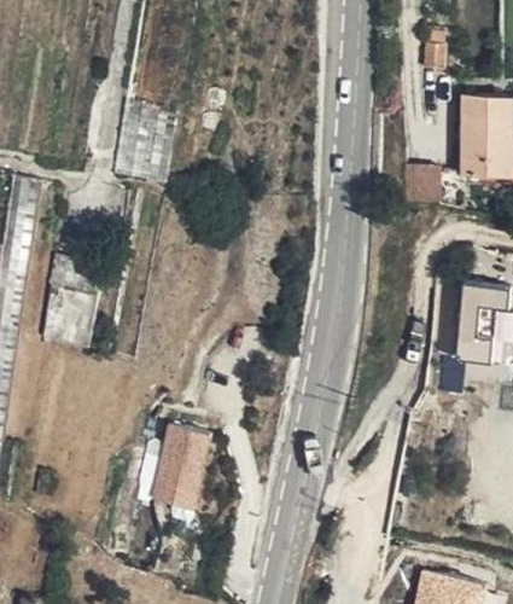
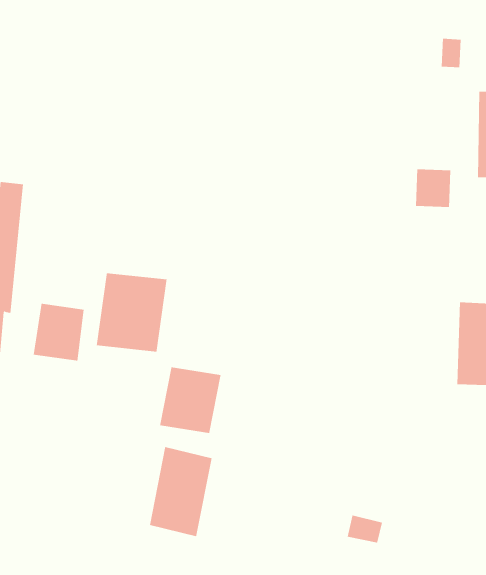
building: none -> [96,272,167,352]
building: none -> [160,367,221,434]

